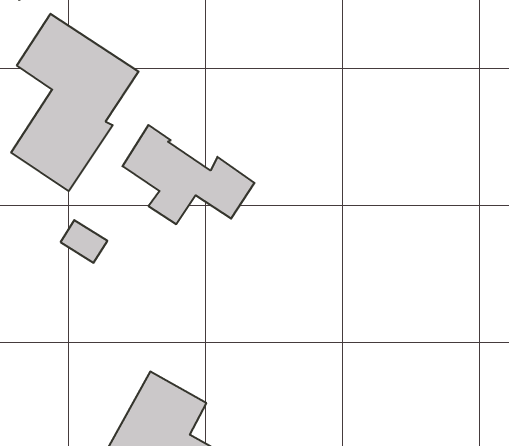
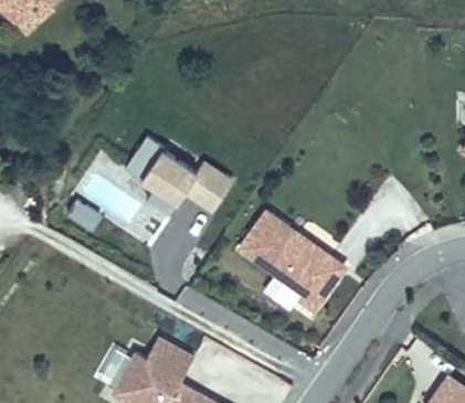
building: [11,14,139,191] -> none
building: none -> [233,206,337,306]

